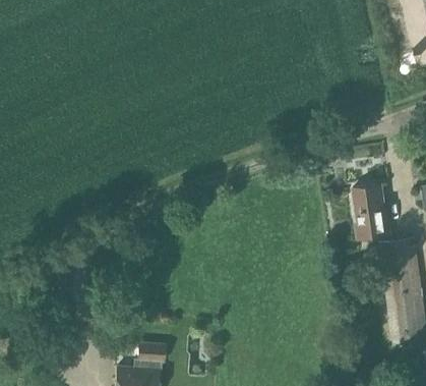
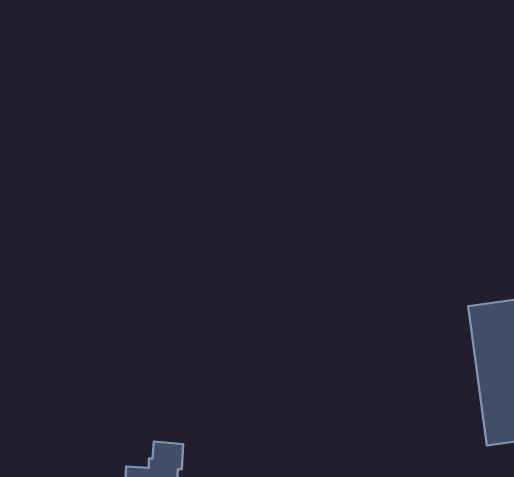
building: [353,183,390,239] -> none

